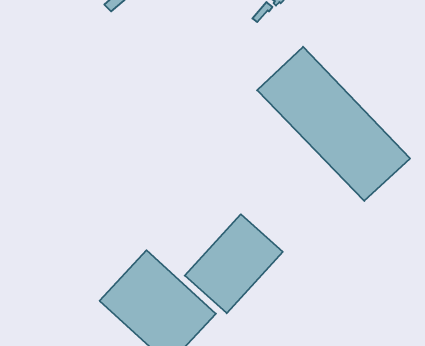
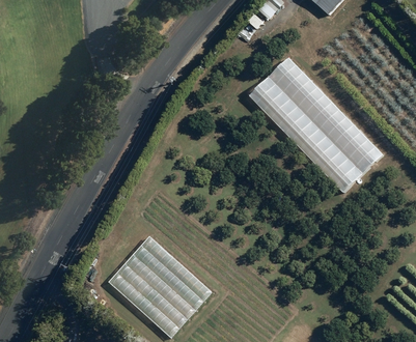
building: [185,214,283,313] -> none

